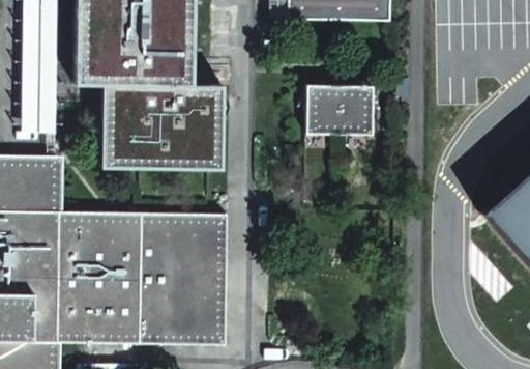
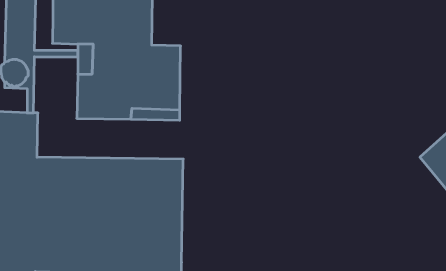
building: [303,84,370,135] -> none

